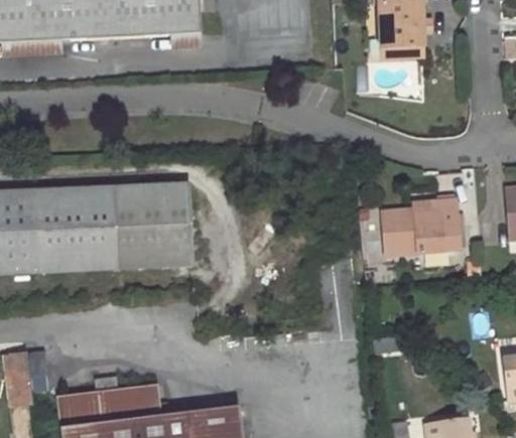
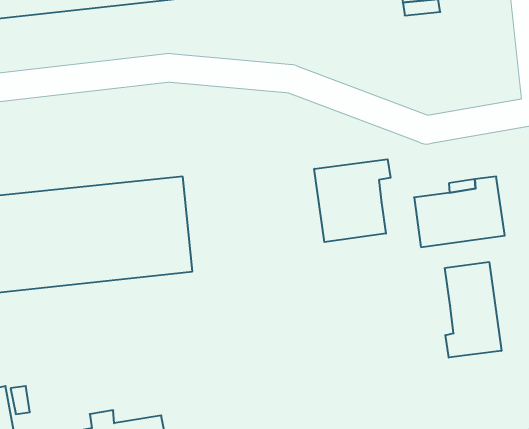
building: none -> [314,159,391,242]
building: none -> [445,262,501,358]

